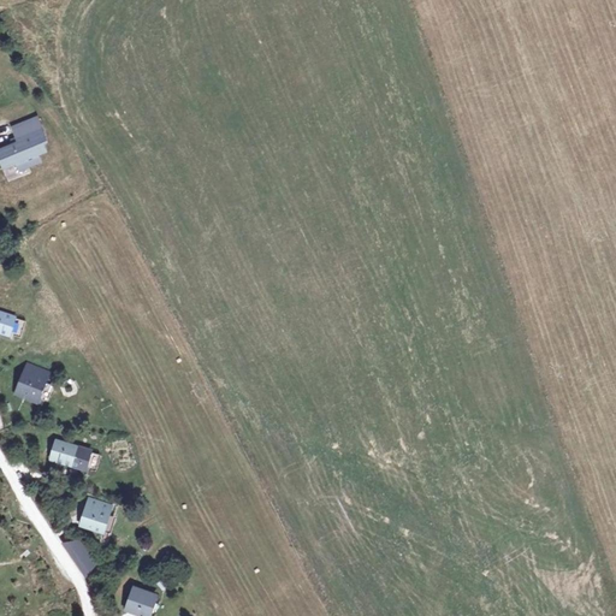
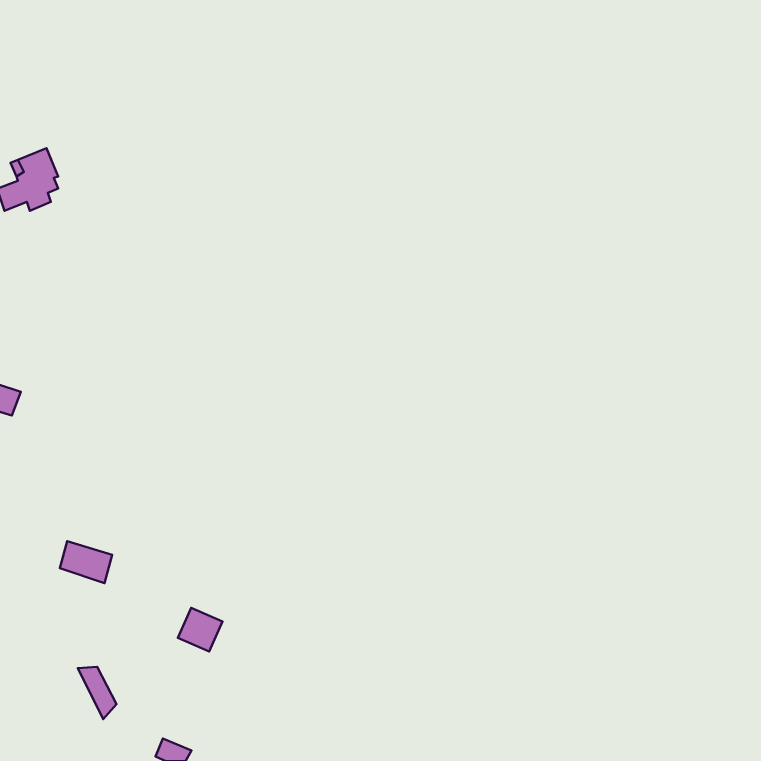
building: [12,359,57,402] -> none
building: [75,502,111,537] -> [178,608,223,651]

